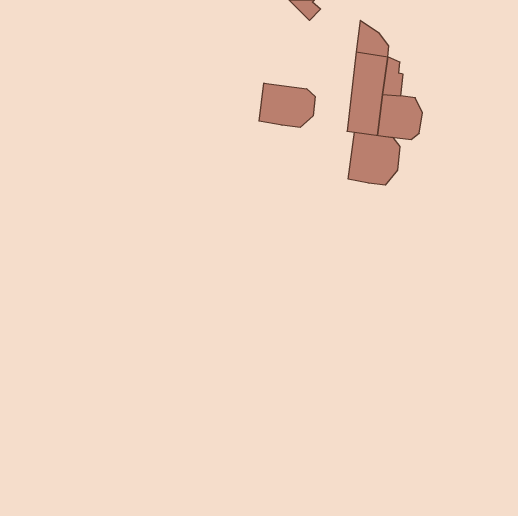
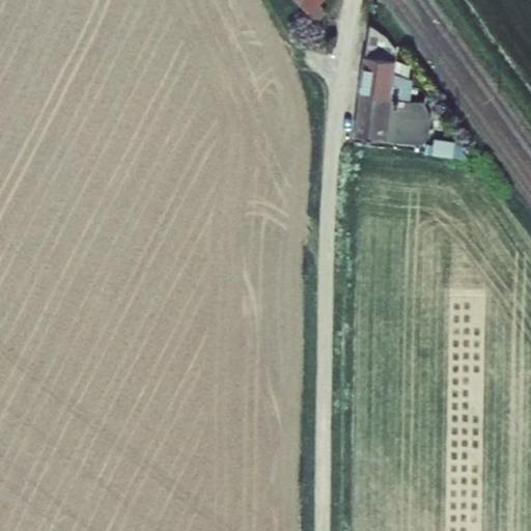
building: [259,83,315,127] -> none
building: [348,132,400,185] -> none

